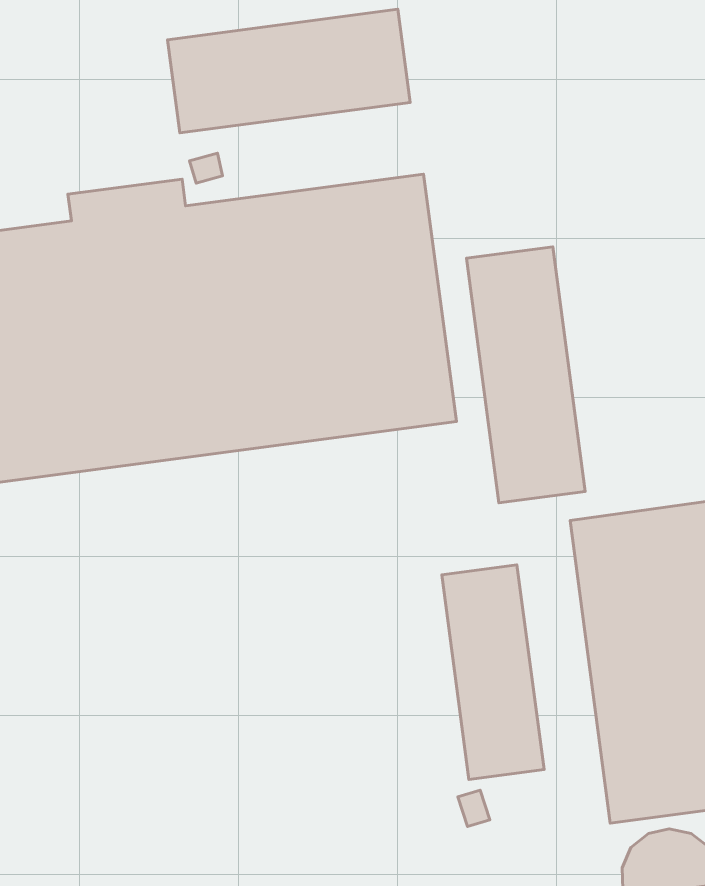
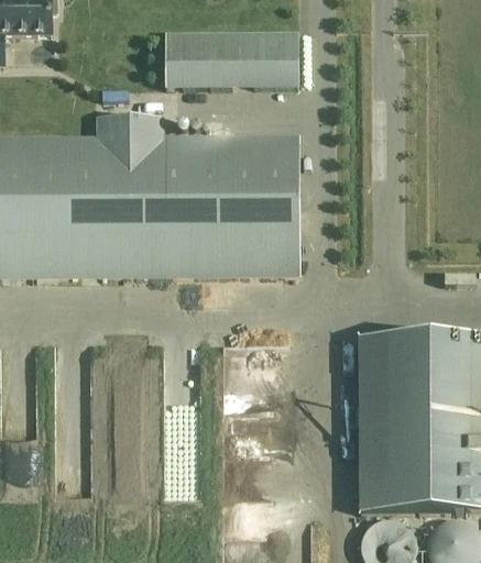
building: [466,247,585,503] -> none
building: [442,565,544,780] -> none

